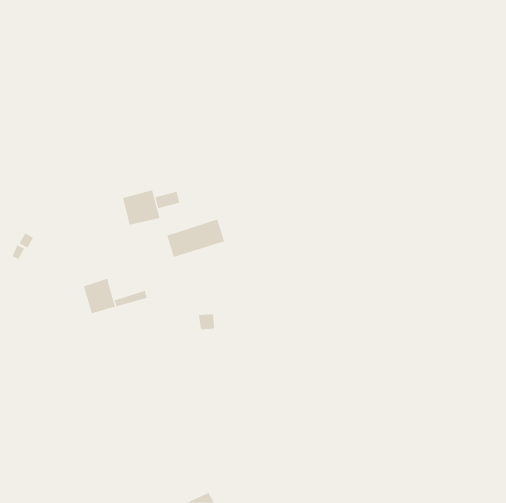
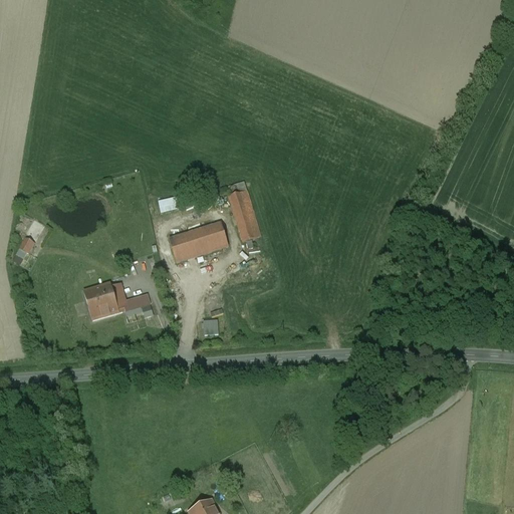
building: none -> [228,189,260,240]
building: [122,190,160,225] -> none

